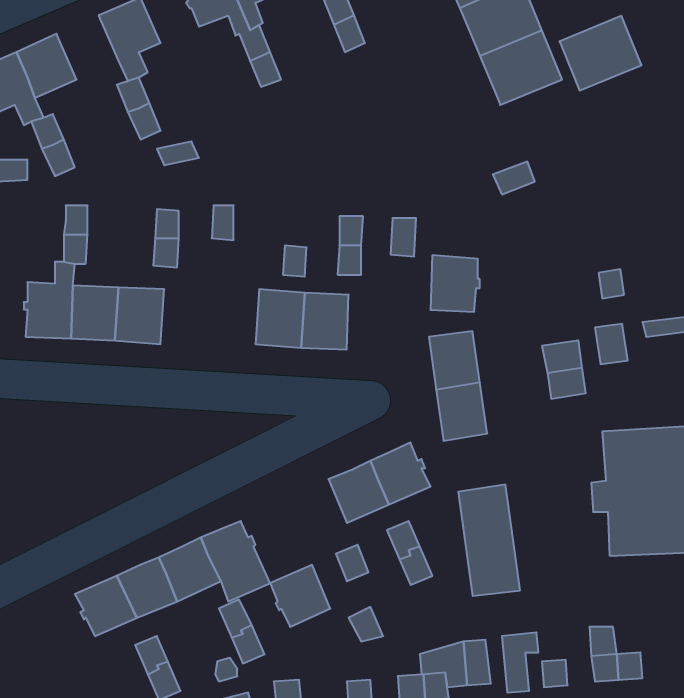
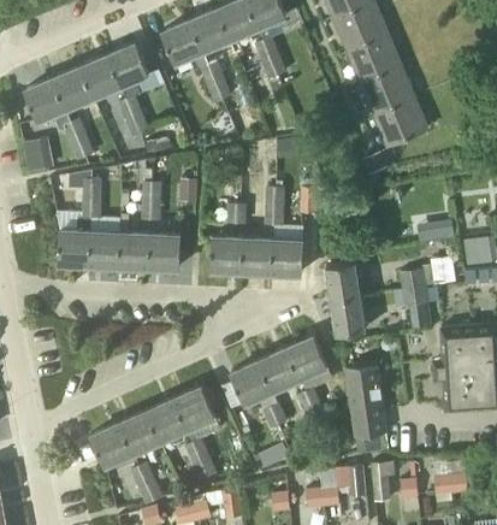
building: none -> [81,54,122,96]
building: [559,16,642,91] -> [373,96,427,146]
building: [430,255,480,312] -> [272,238,304,276]
building: none -> [149,235,183,272]
building: [270,565,330,627] -> [232,360,272,401]

